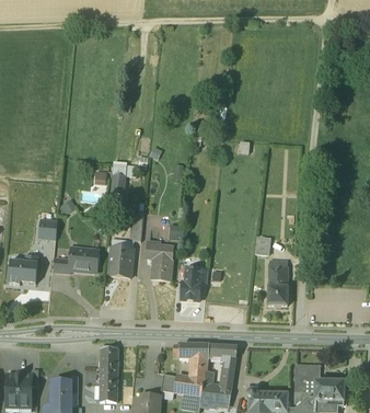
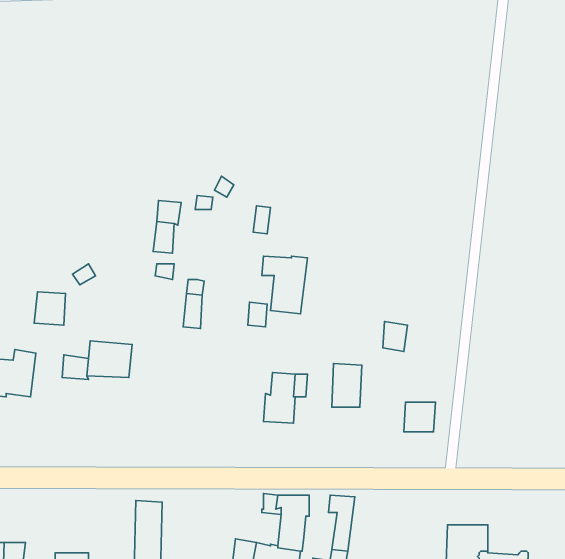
building: [146,244,174,280] -> [262,256,307,314]
building: [108,245,132,276] -> none
building: [269,259,288,286] -> [332,363,362,407]

